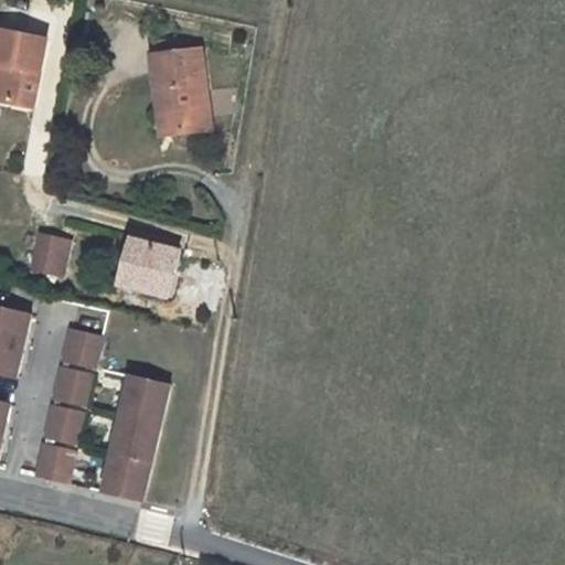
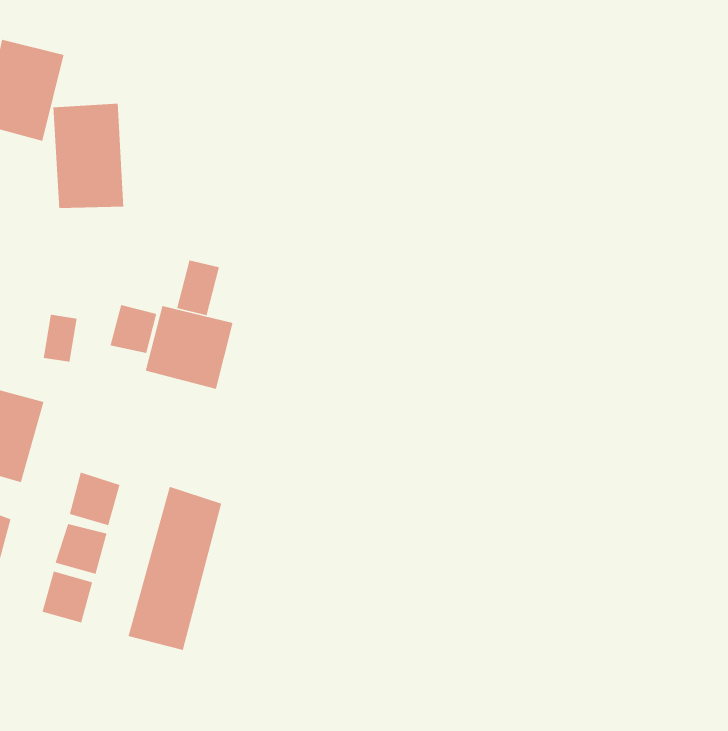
building: [152,49,207,130] -> [53,103,124,209]
building: none -> [176,259,220,316]
building: none -> [109,304,157,354]
building: [64,326,104,366] -> none

